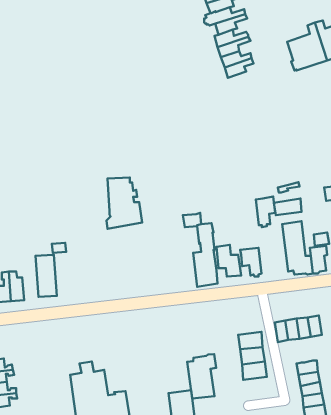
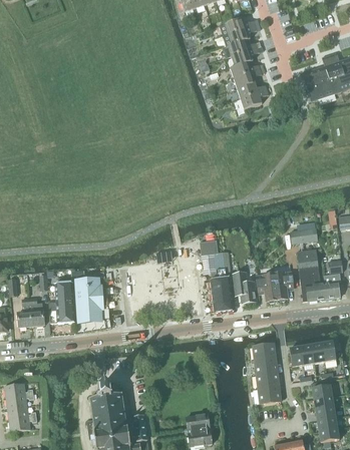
building: [106,177,142,229] -> [75,281,110,331]
building: [256,196,275,227] -> [274,271,293,301]
building: none -> [252,341,277,359]
building: [187,354,216,399] -> none

